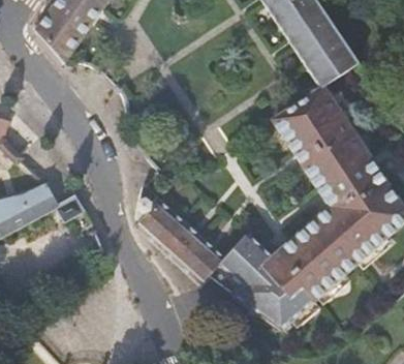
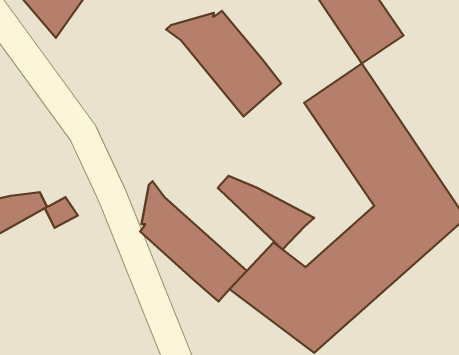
building: none -> [166,11,281,116]
building: none -> [218,176,314,249]

